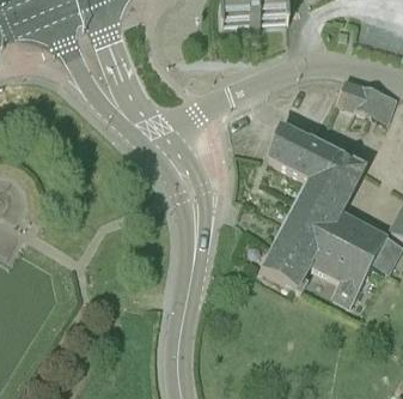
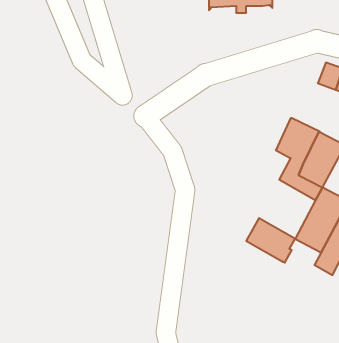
building: [269,122,309,169] -> none
building: [275,200,335,262] -> none

